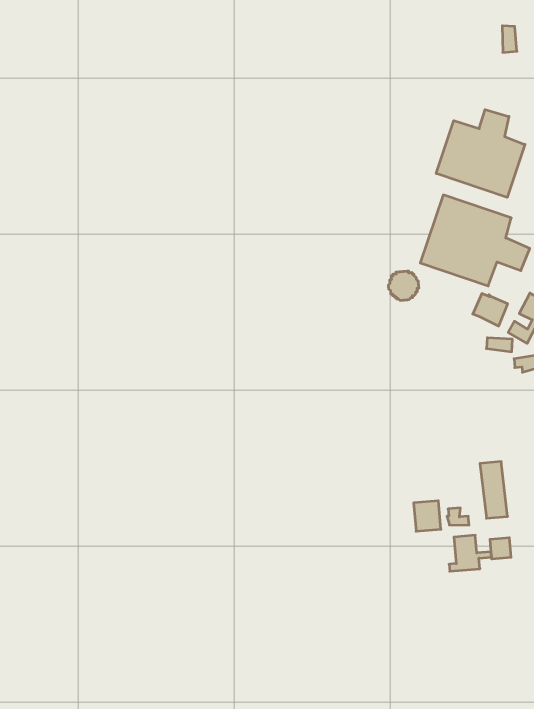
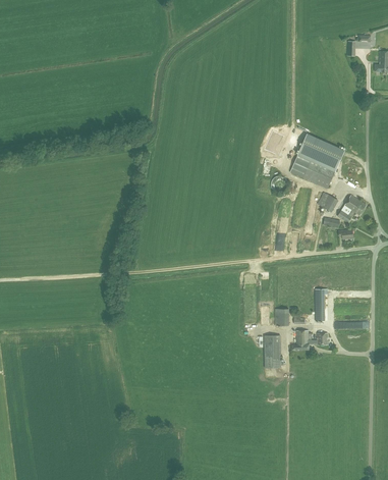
building: [436,110,525,197] -> none
building: none -> [265,334,280,367]

